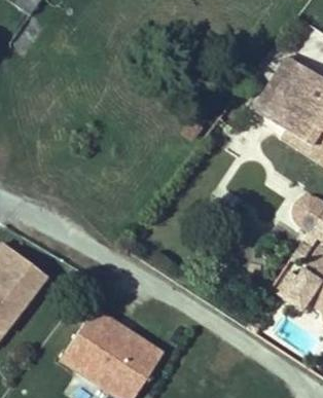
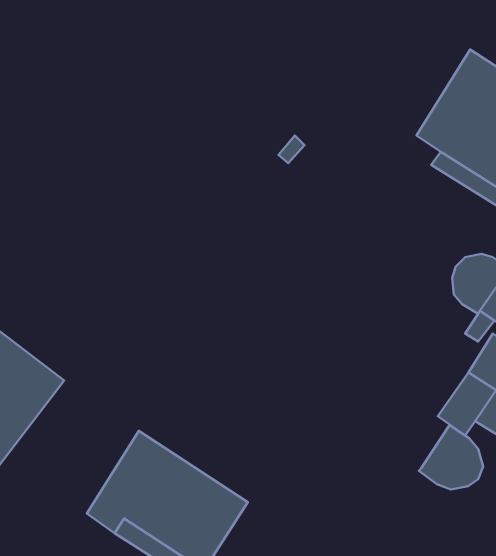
building: [252,53,304,119] -> none
building: none -> [419,425,483,489]

